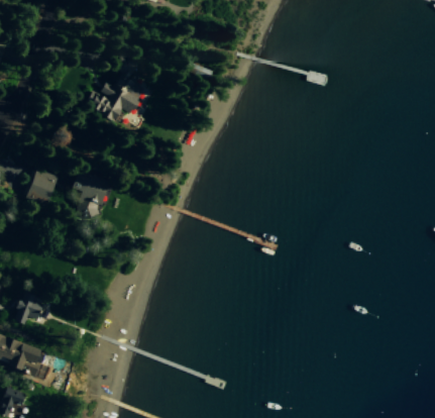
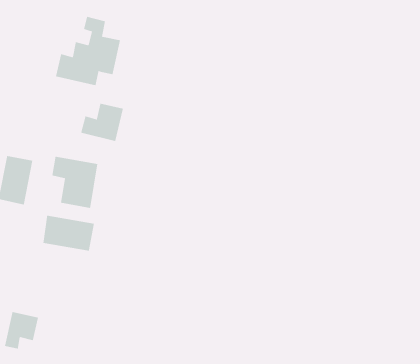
building: none -> [81,103,124,142]
building: none -> [43,215,94,251]

